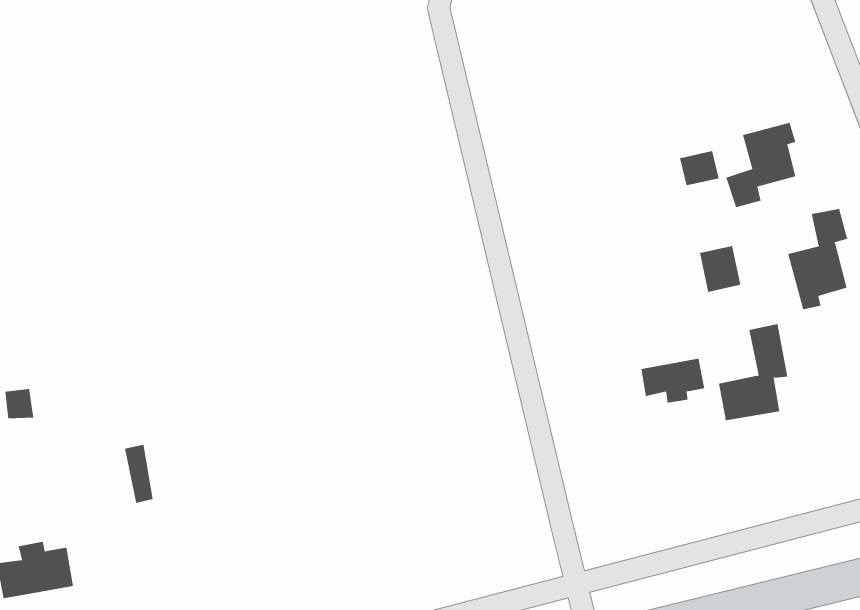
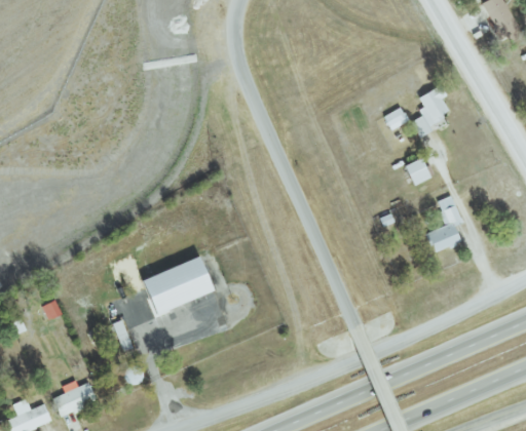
building: [788,208,848,310] -> none
building: none -> [141,258,212,313]
building: [641,358,705,404] -> none

